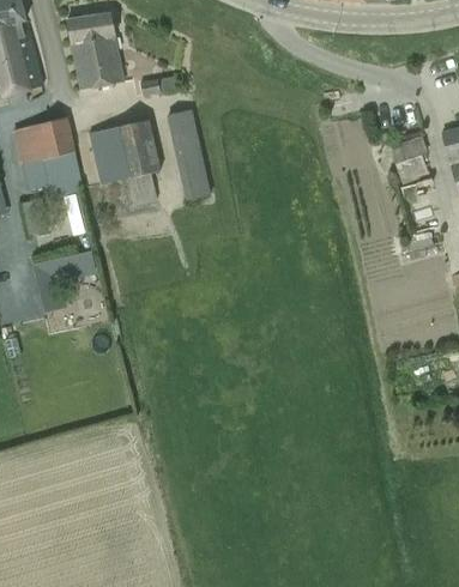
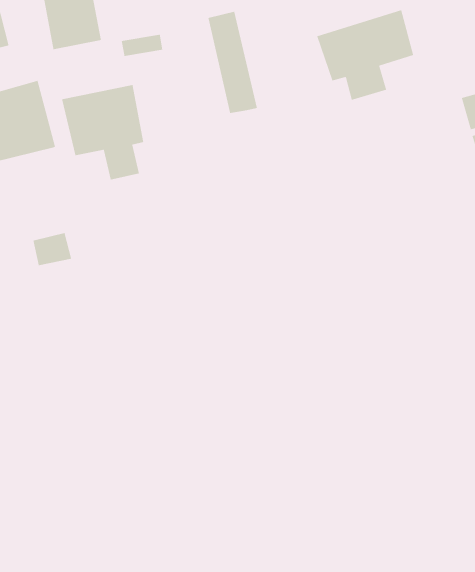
building: none -> [316,9,414,101]
building: [167,109,211,200] -> [208,11,258,114]
building: [391,137,428,184] -> none

